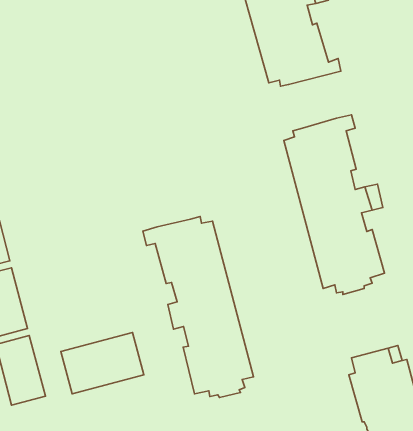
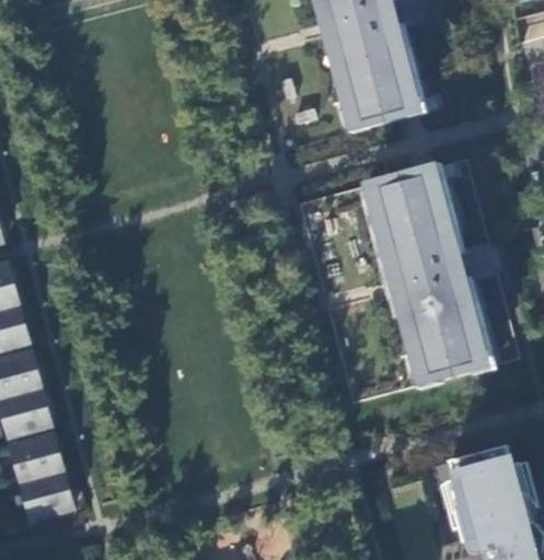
building: [143,217,254,397] -> none
building: [61,333,144,394] -> none

